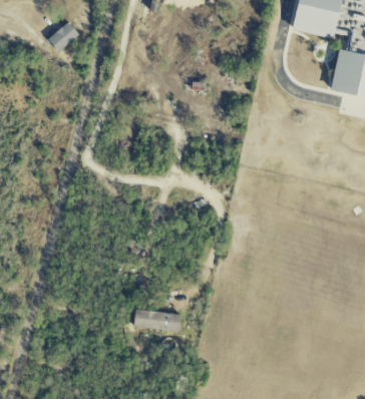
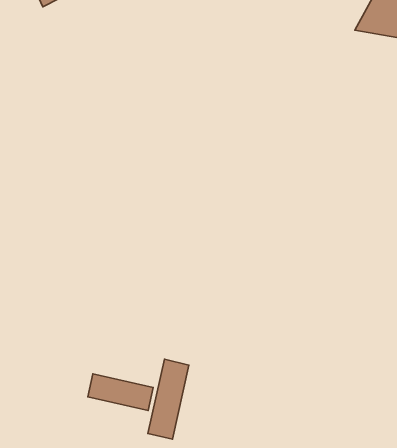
building: none -> [148,359,189,439]

